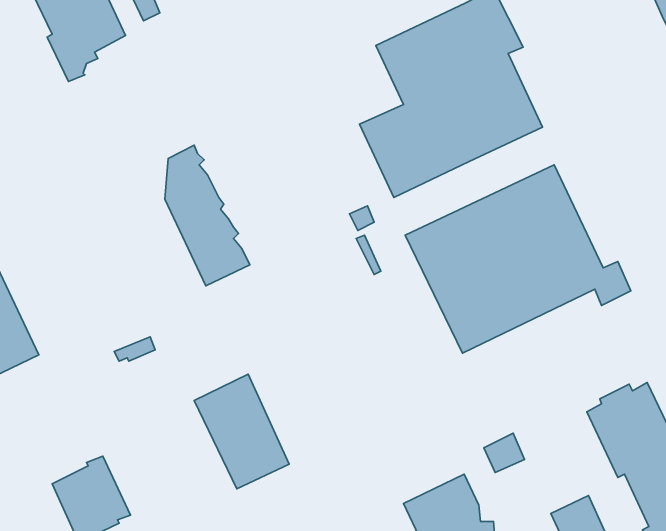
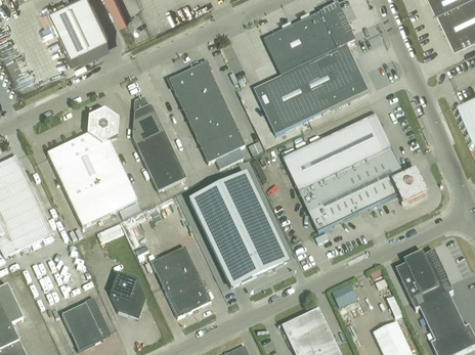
building: none -> [169,62,245,168]
building: none -> [46,108,137,226]
building: none -> [188,172,287,286]
building: none -> [110,272,145,318]

